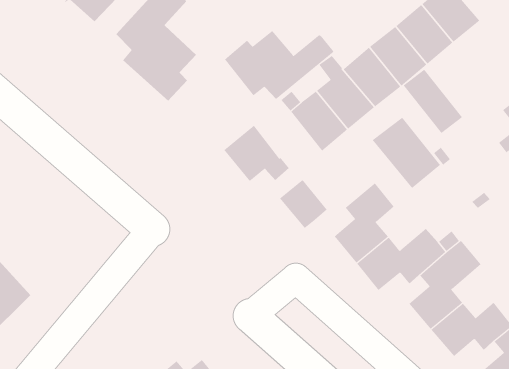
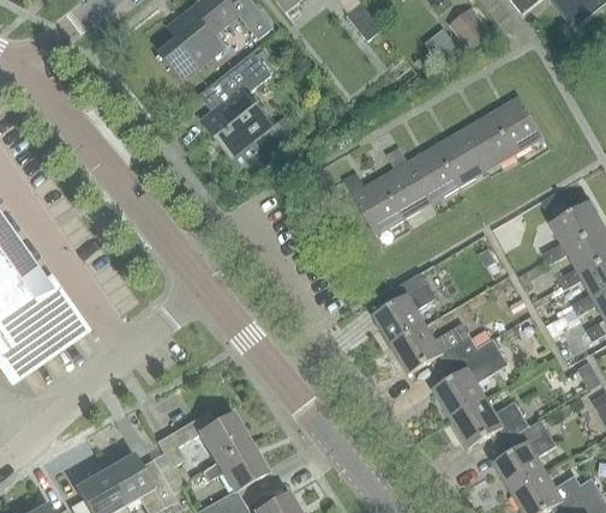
building: [224,30,334,100] -> none
building: [403,69,463,134] -> none
building: [372,117,441,189] -> none
building: [224,125,289,182] -> none
building: [279,179,327,229] -> none

